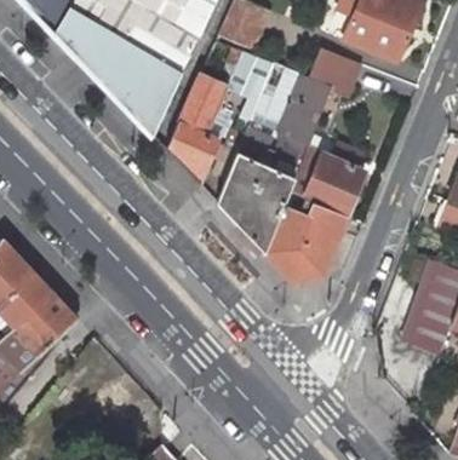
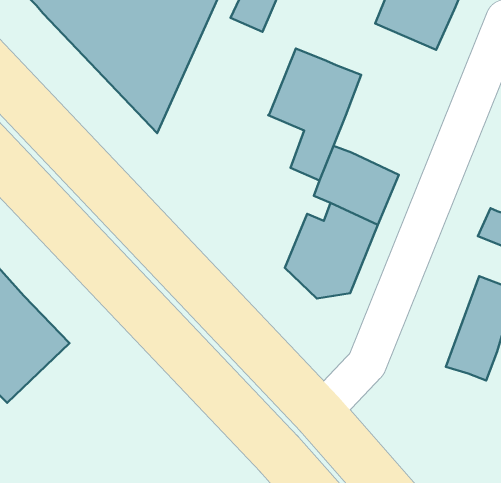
building: [166,40,275,183] -> none
building: [310,47,359,91] -> none
building: [217,138,296,252] -> none

